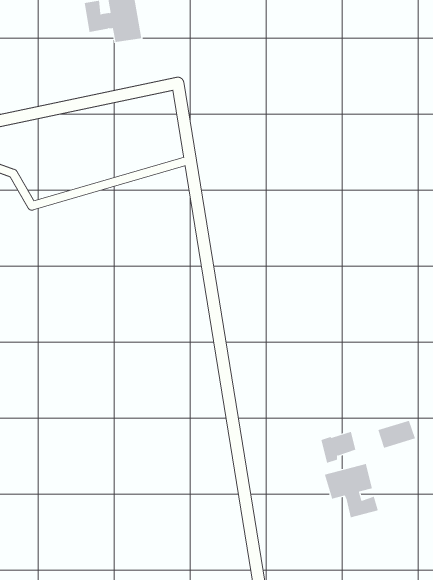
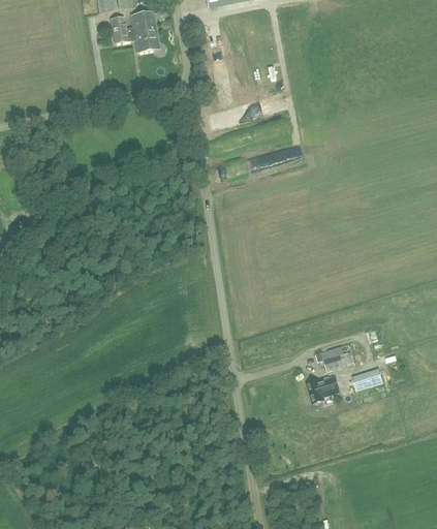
building: none -> [315,345,351,369]
building: [324,463,378,518] -> none

